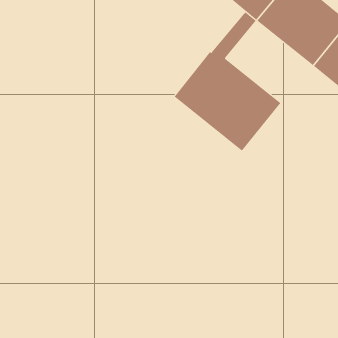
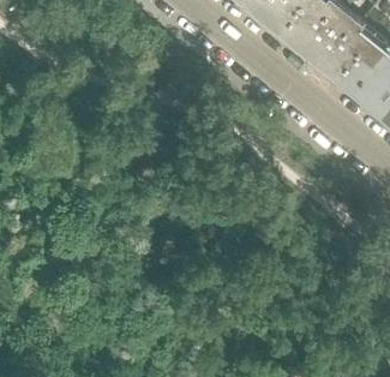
building: [174,11,281,152] -> none

